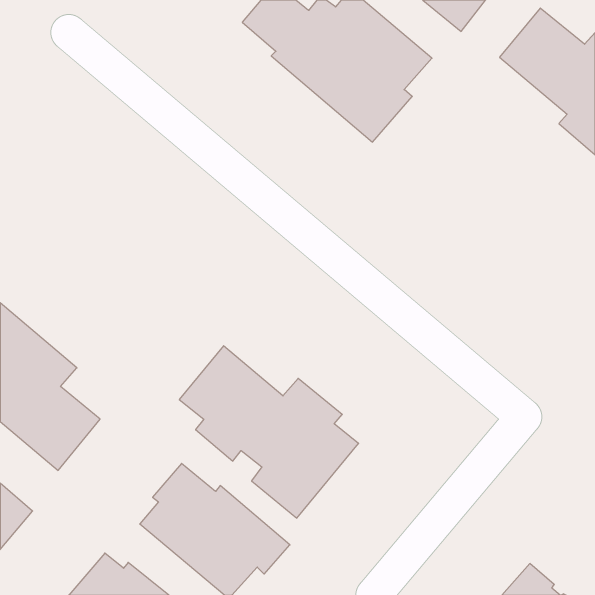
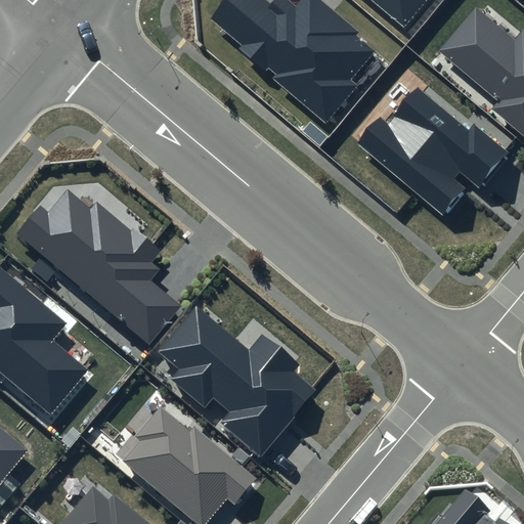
building: none -> [357,88,510,217]
building: none -> [18,189,180,343]

